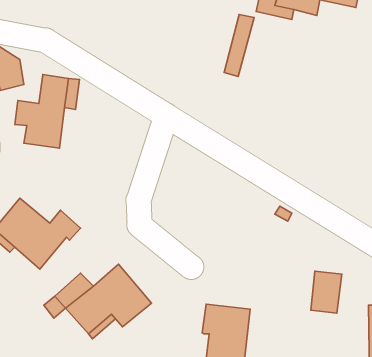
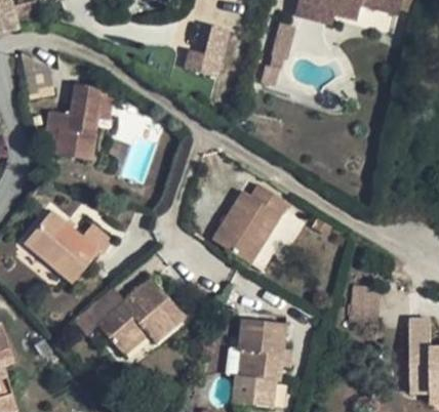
building: none -> [188,25,231,76]
building: none -> [213,184,288,263]

